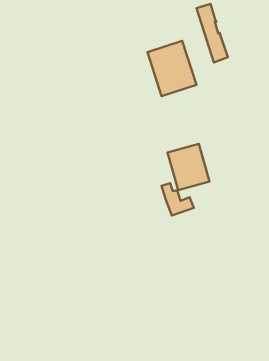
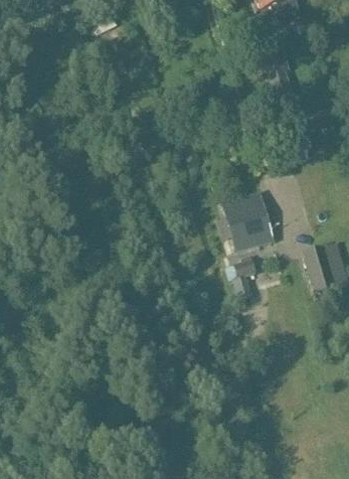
building: [147,41,196,96] -> none
building: none -> [306,247,337,292]

